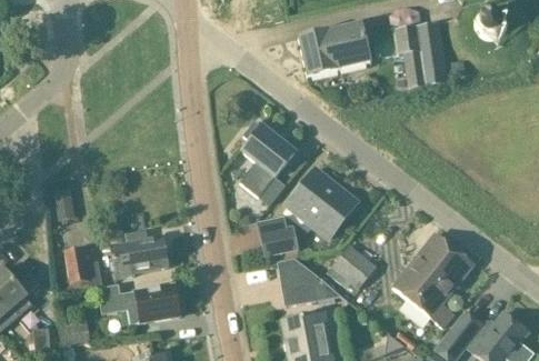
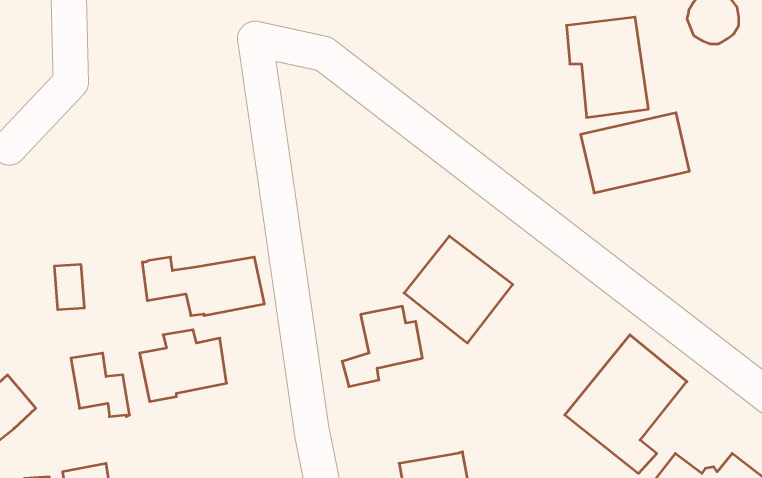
building: [298,22,370,76] -> [581,113,689,193]
building: [241,121,295,197] -> none
building: [327,243,377,293] -> none
building: [277,258,340,301] -> none
building: [99,284,180,323] -> [142,257,264,316]

